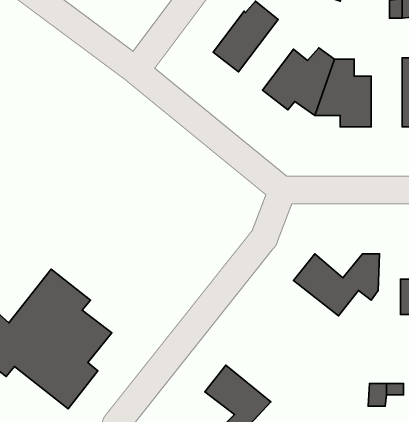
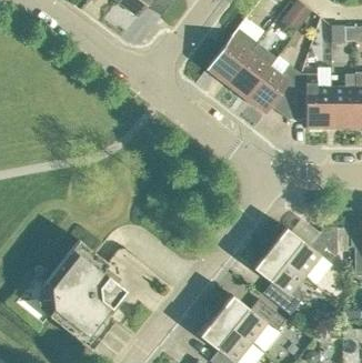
building: none -> [225,42,275,98]
building: none -> [330,73,354,127]
building: none -> [253,248,304,314]
building: none -> [215,294,285,343]

